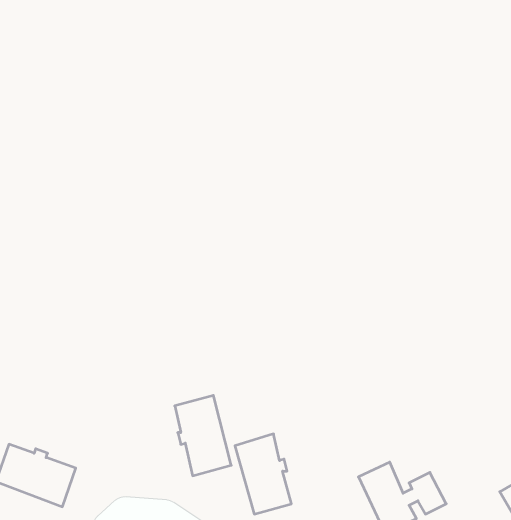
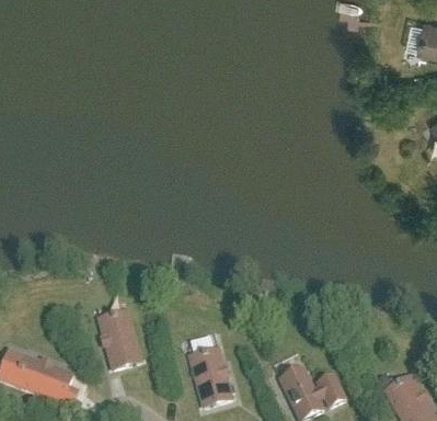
building: [175,395,231,476] -> [99,311,140,371]

